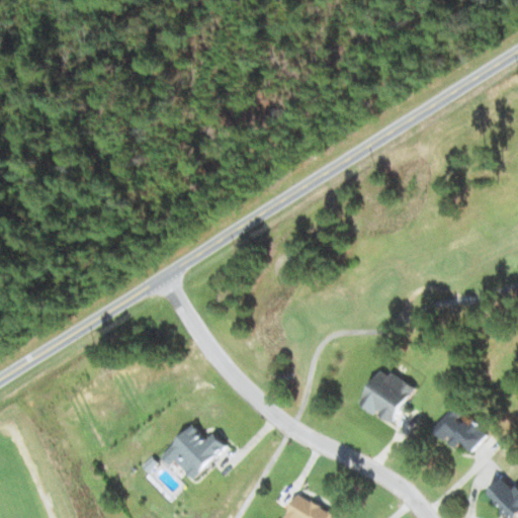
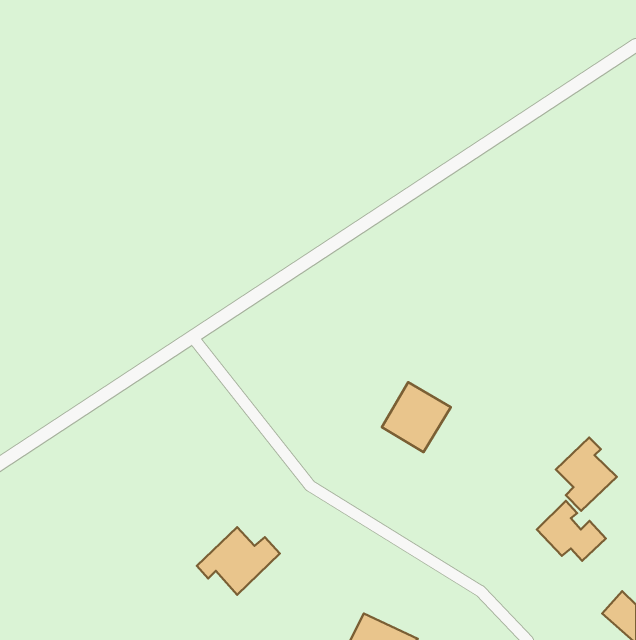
building: none -> [556,438,617,511]
building: [358,368,414,425] -> [382,382,451,452]

